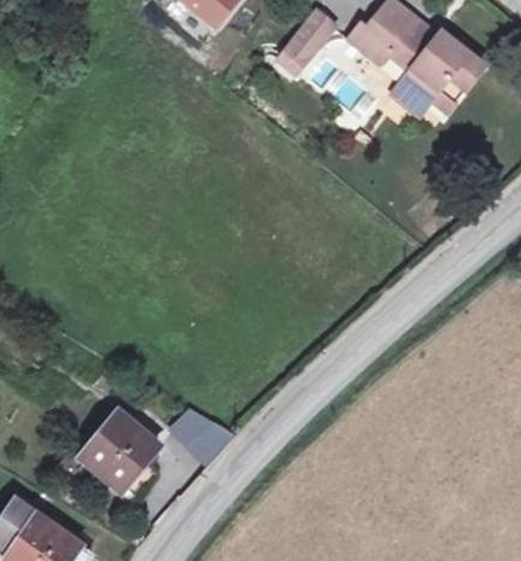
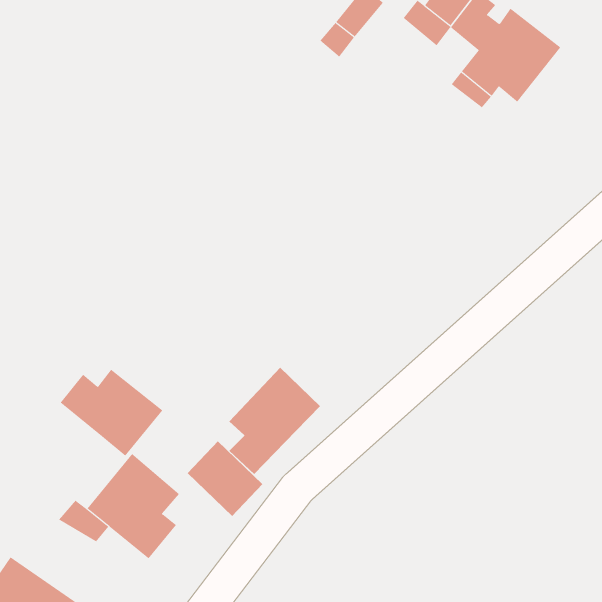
building: none -> [228,367,321,475]
building: none -> [60,369,163,456]

